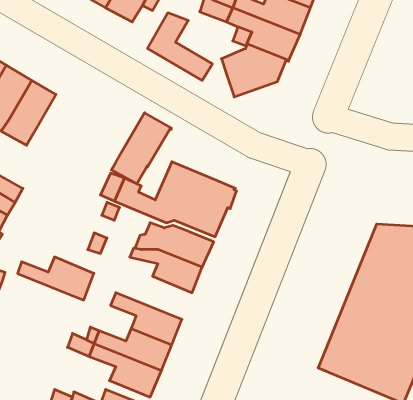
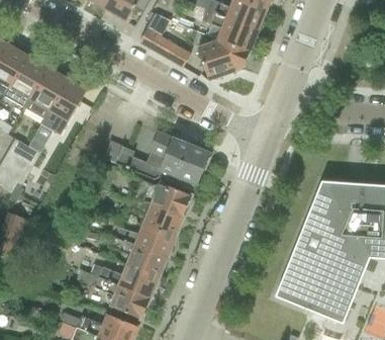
building: [111,113,171,184] -> [40,77,88,134]
building: [18,257,94,300] -> [114,222,175,256]

